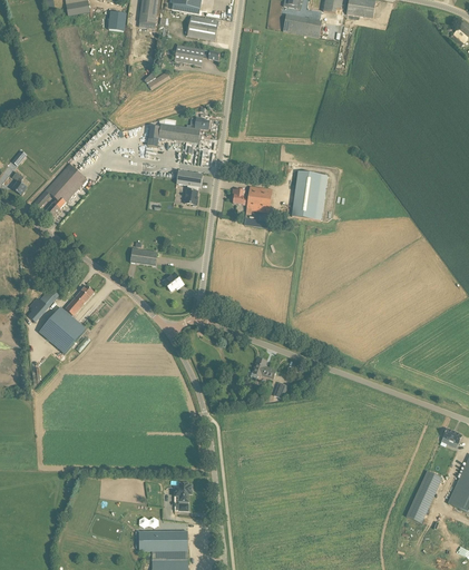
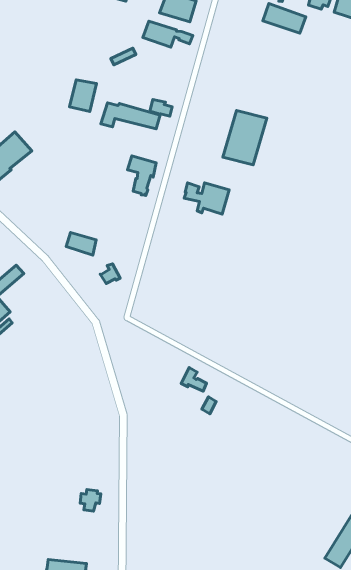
building: none -> [70,80,97,112]
building: [291,171,326,219] -> [223,111,267,165]
building: [138,531,187,551] -> none

